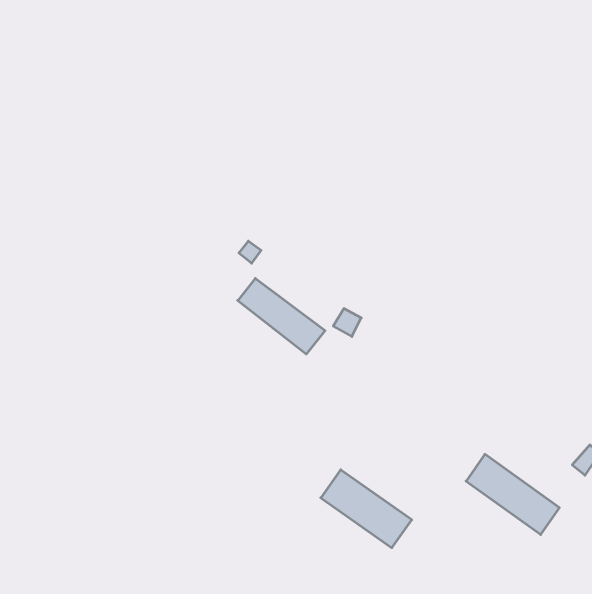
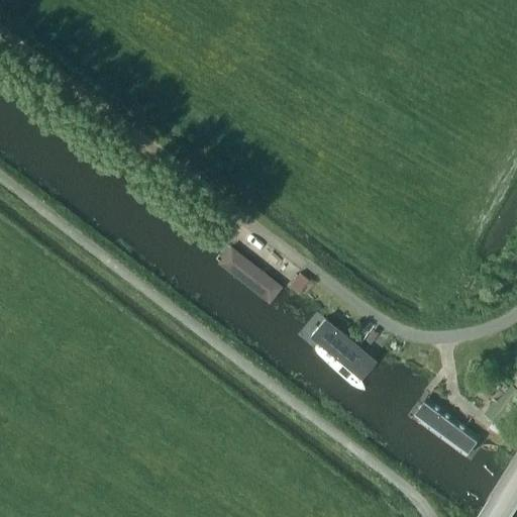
building: [321,470,412,548] -> [301,314,380,382]

